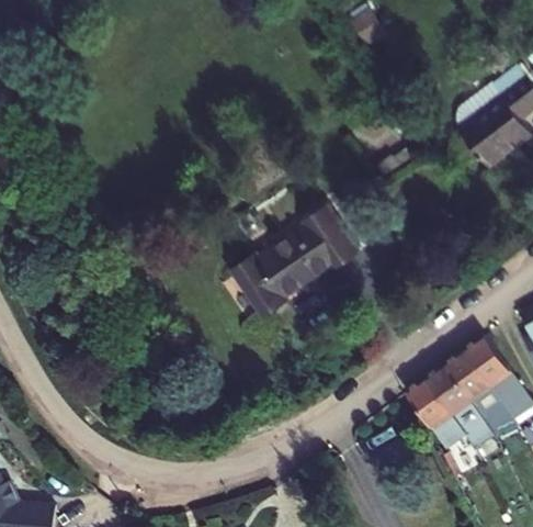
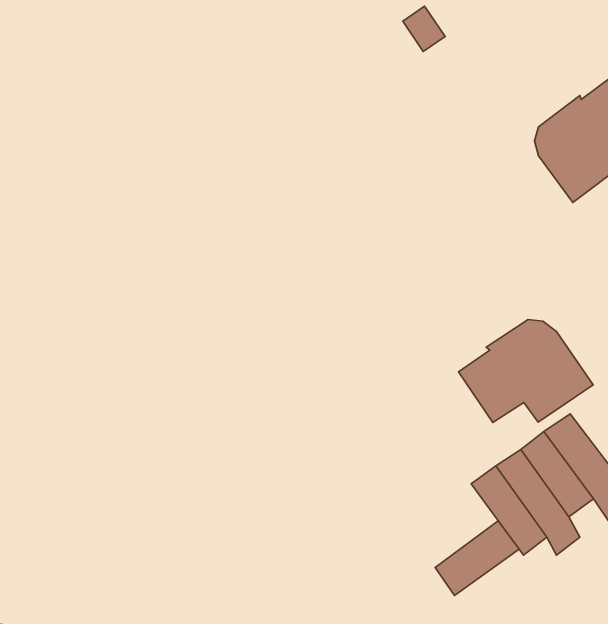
building: [231,208,358,318] -> none
building: none -> [459,320,593,423]
building: none -> [435,521,519,596]

